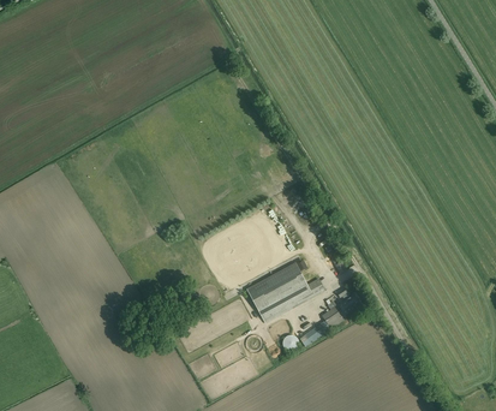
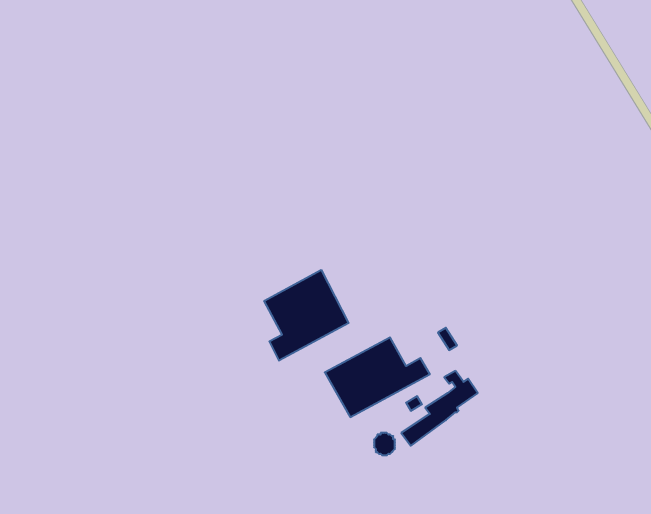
building: none -> [264,270,349,361]

